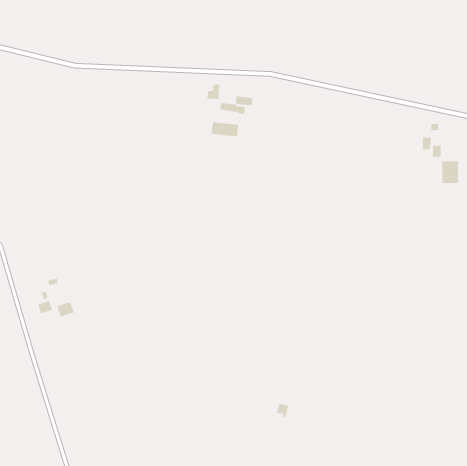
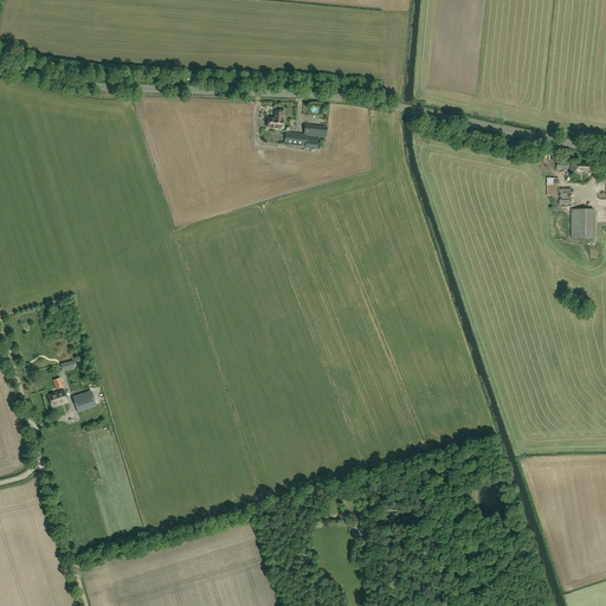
building: [211,121,239,137] -> none

